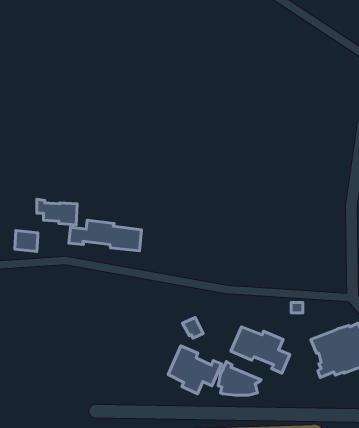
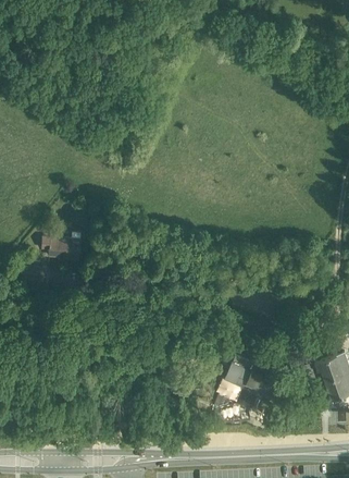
building: [69,220,142,251] -> none
building: [168,346,221,394] -> none

